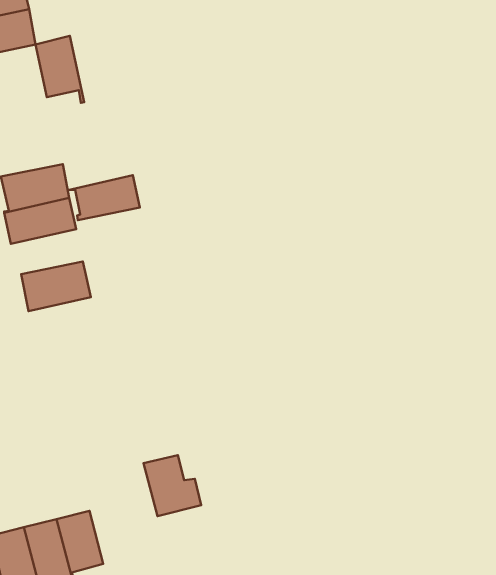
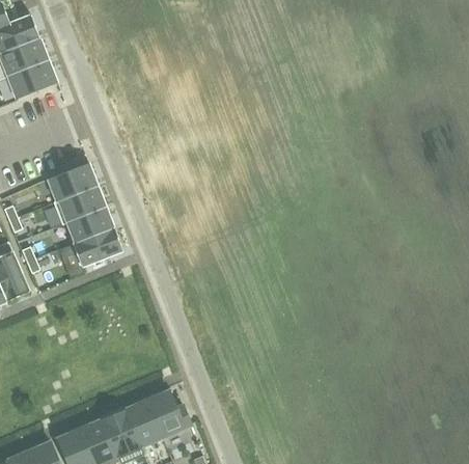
building: [36,36,84,103] -> none
building: [68,175,140,220] -> [61,207,113,244]
building: [144,455,201,516] -> [145,391,190,436]

